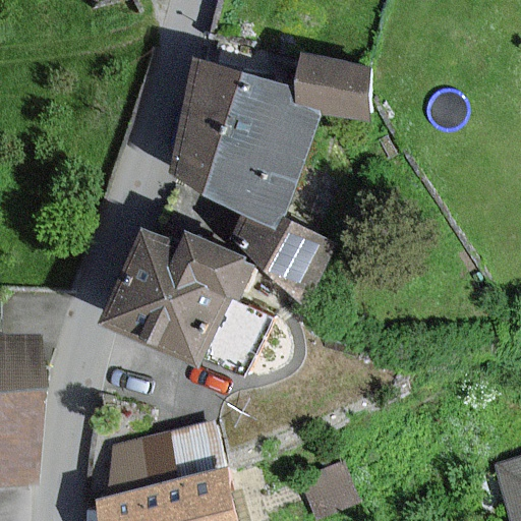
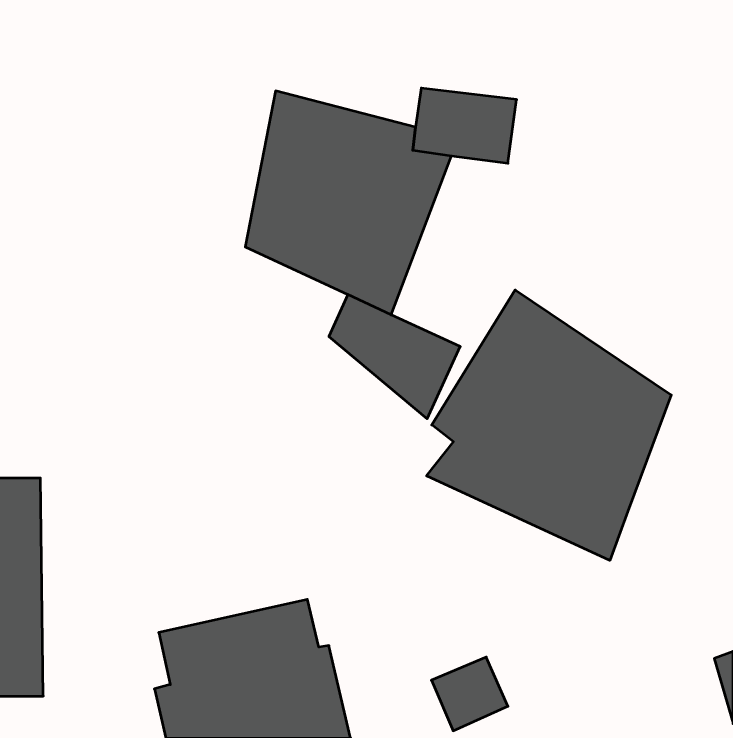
building: none -> [427,290,671,560]
building: [103,229,250,357] -> none

